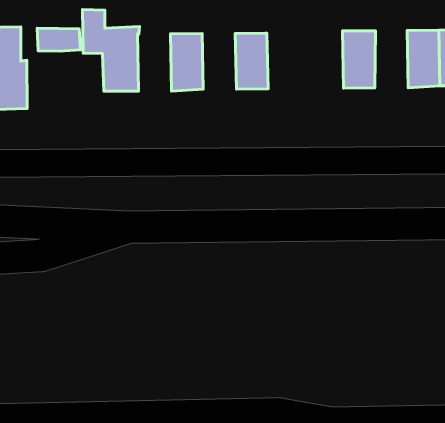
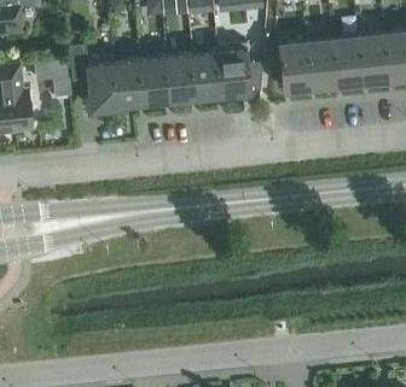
building: none -> [218,43,253,98]
building: none -> [306,41,336,89]
building: none -> [167,55,198,102]
building: none -> [115,60,146,109]

